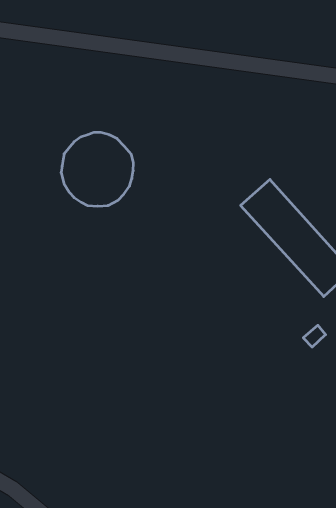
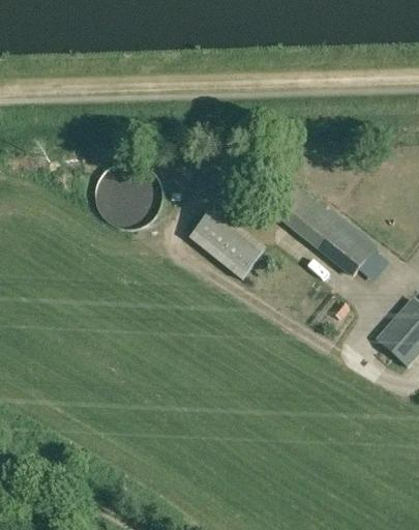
building: none -> [189,205,267,278]

